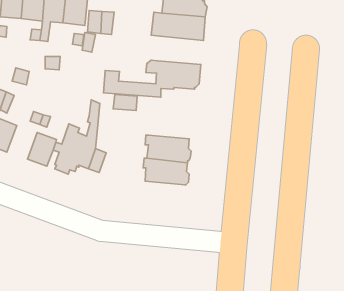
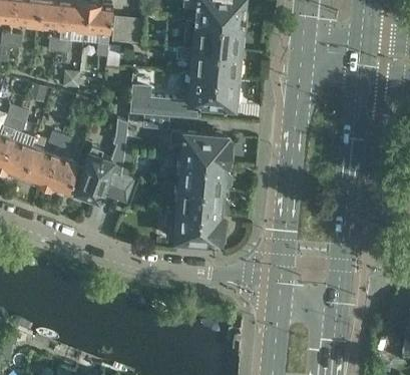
building: none -> [190,46,243,78]
building: none -> [169,130,233,162]
building: none -> [20,147,54,185]
building: none -> [164,210,226,244]

